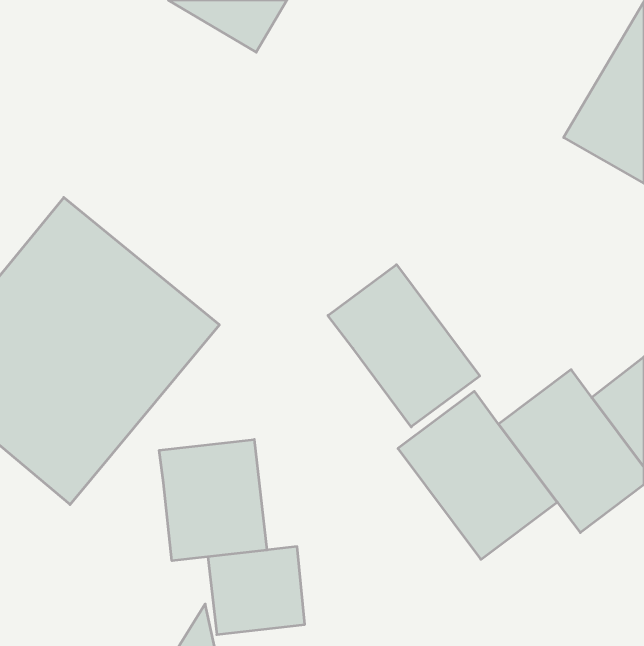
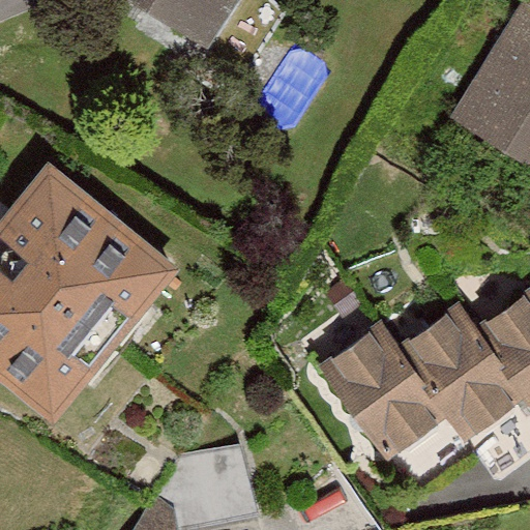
building: [328,265,480,427] -> none
building: [159,439,267,561] -> none

